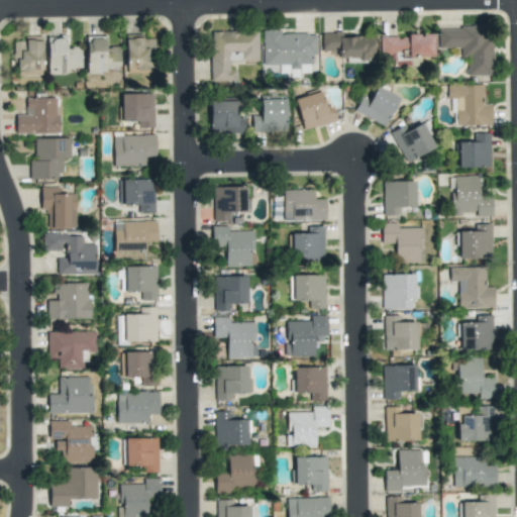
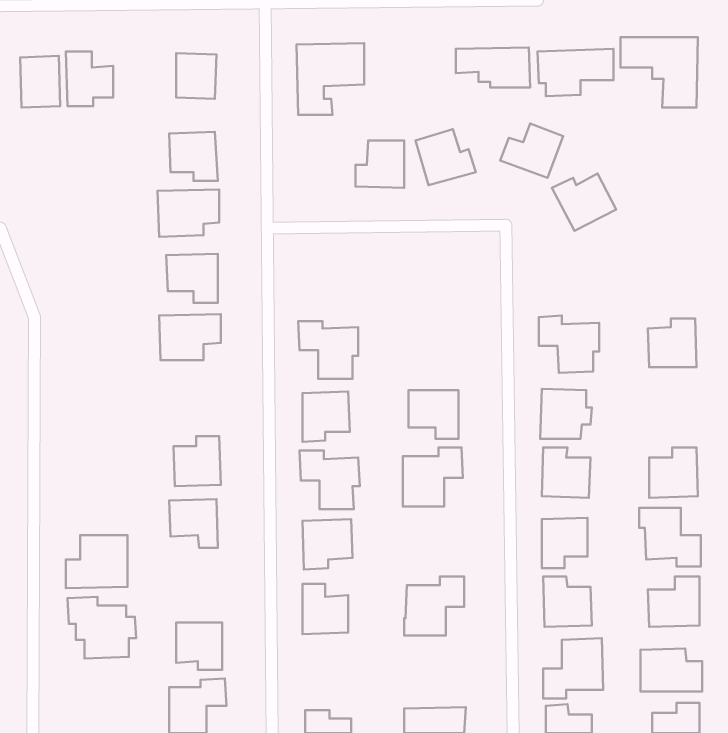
building: [265,30,318,69] -> none
building: [88,36,122,72] -> none
building: [448,84,494,125] -> none
building: [17,97,60,134] -> none
building: [211,100,246,133] -> none
building: [459,133,493,168] -> none
building: [31,138,72,180] -> none
building: [451,177,494,216] -> none
building: [384,181,420,216] -> none
building: [214,186,248,221] -> none
building: [42,187,78,228] -> none
building: [284,189,327,221] -> none
building: [293,226,326,262] -> none
building: [44,234,97,275] -> none
building: [125,266,159,301] -> none
building: [451,267,496,308] -> none
building: [48,283,91,319] -> none
building: [48,331,97,370] -> none
building: [295,367,328,402] -> none
building: [118,392,161,423] -> none
building: [217,453,257,492] -> none
building: [296,456,329,491] -> none
building: [50,468,99,507] -> none

